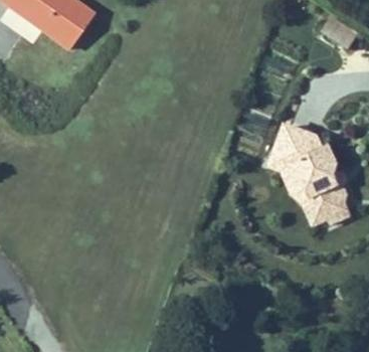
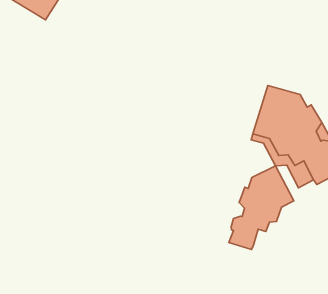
building: none -> [229,166,294,249]

